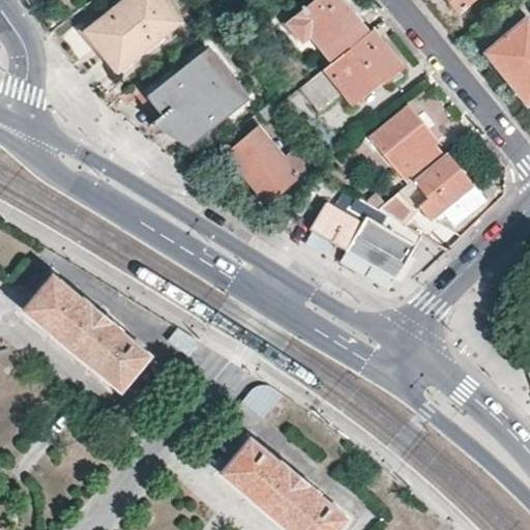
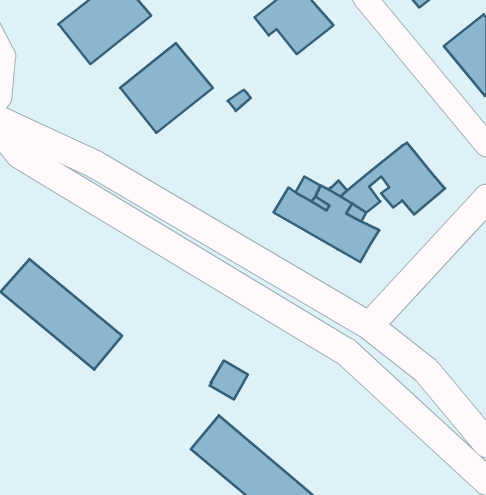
building: [299,29,402,112] -> none
building: [371,108,441,183] -> none
building: [223,126,308,200] -> none

